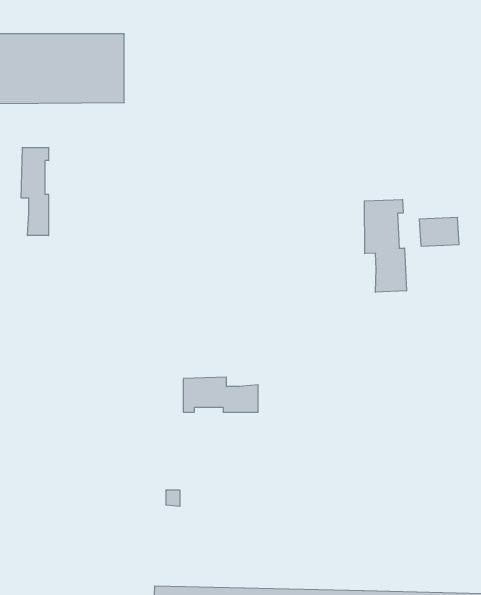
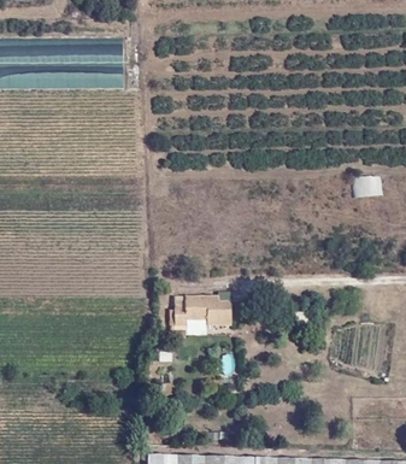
building: [21,147,49,236] -> none
building: [364,199,406,292] -> none

